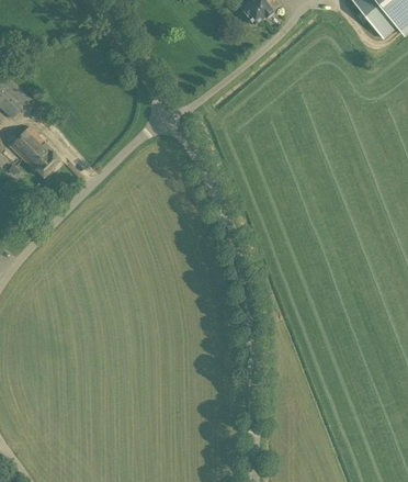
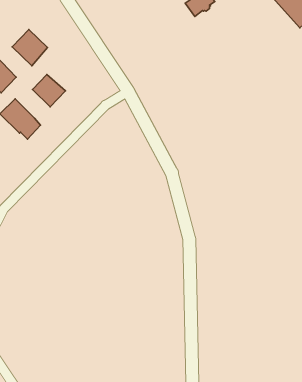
building: none -> [12,29,47,66]
building: none -> [32,75,66,107]

